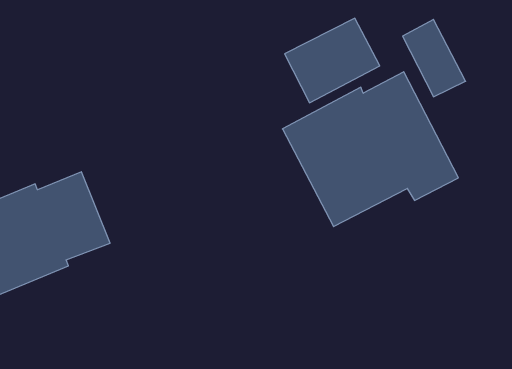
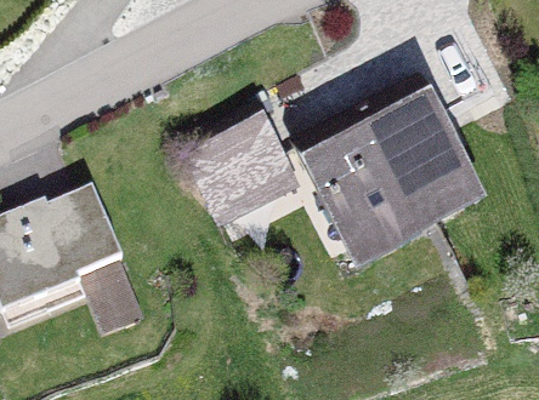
building: [285,18,380,103] -> [186,110,283,196]

